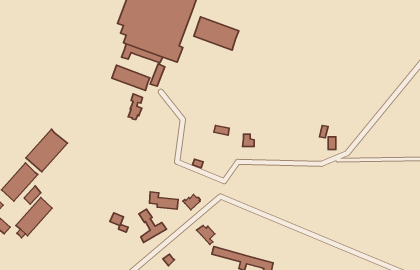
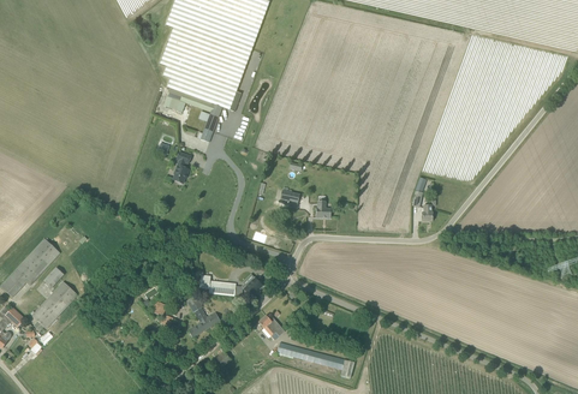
building: [194,17,239,50] -> none
building: [112,65,150,90] -> none
building: [26,129,68,172] -> none

